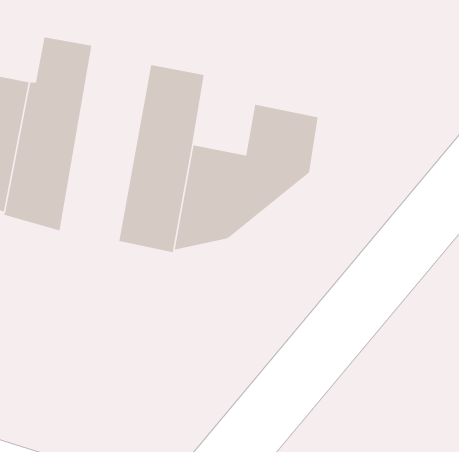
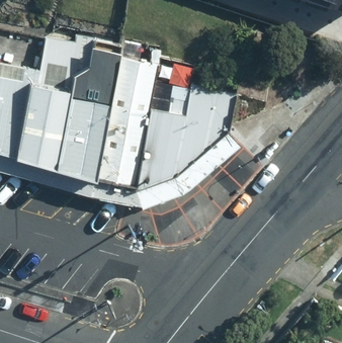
building: none -> [58,41,123,191]

